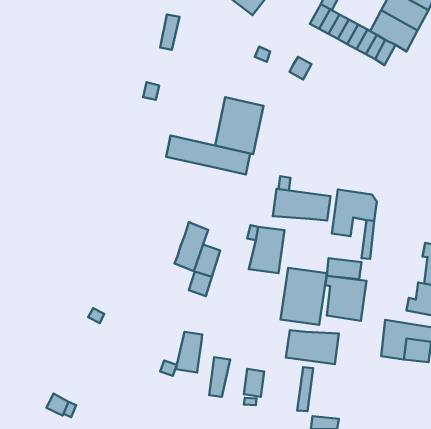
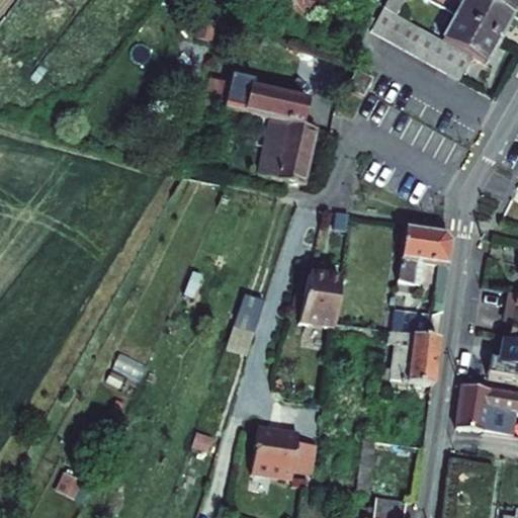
building: [166,136,250,175] -> [207,77,308,123]
building: [273,189,331,220] -> none
building: [174,222,208,271] -> none
building: [280,268,327,325] -> none
building: [286,330,339,364] -> none
building: [176,332,202,373] -> [267,430,298,479]

